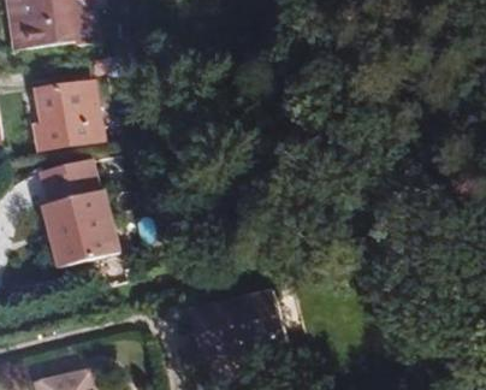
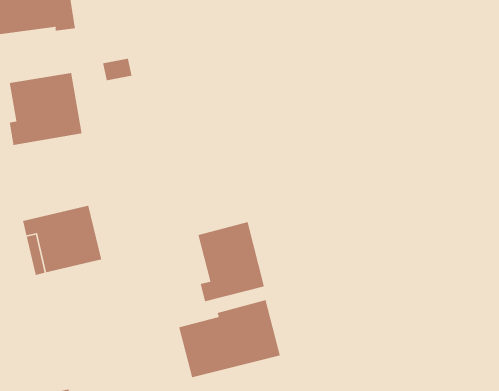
building: [38,158,107,217] -> none
building: none -> [197,221,265,302]

